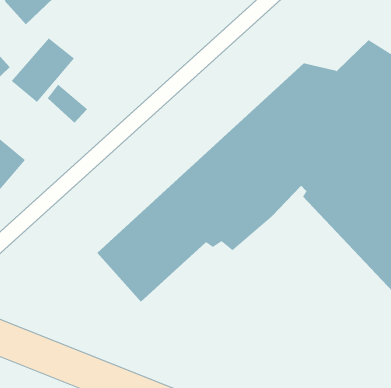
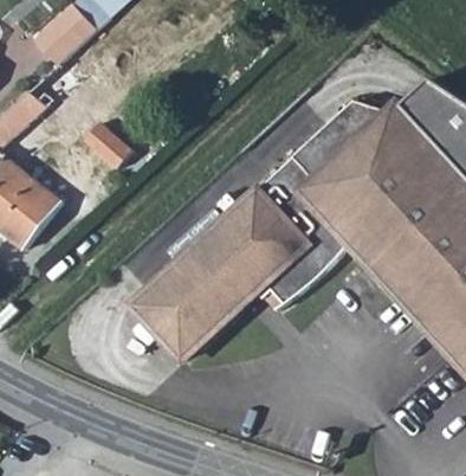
building: [11,38,75,103] -> none

